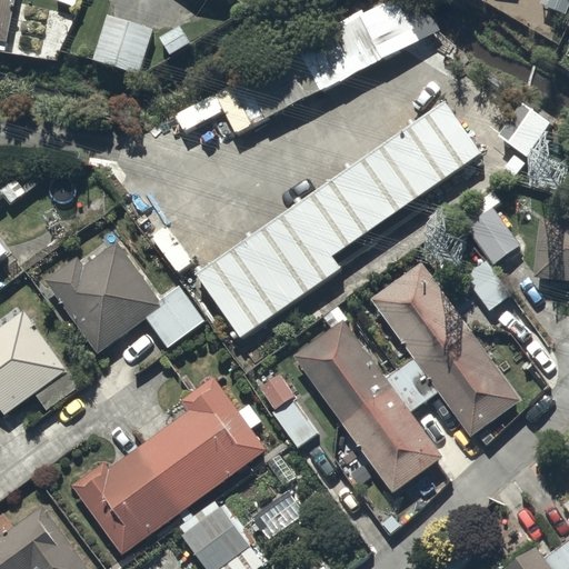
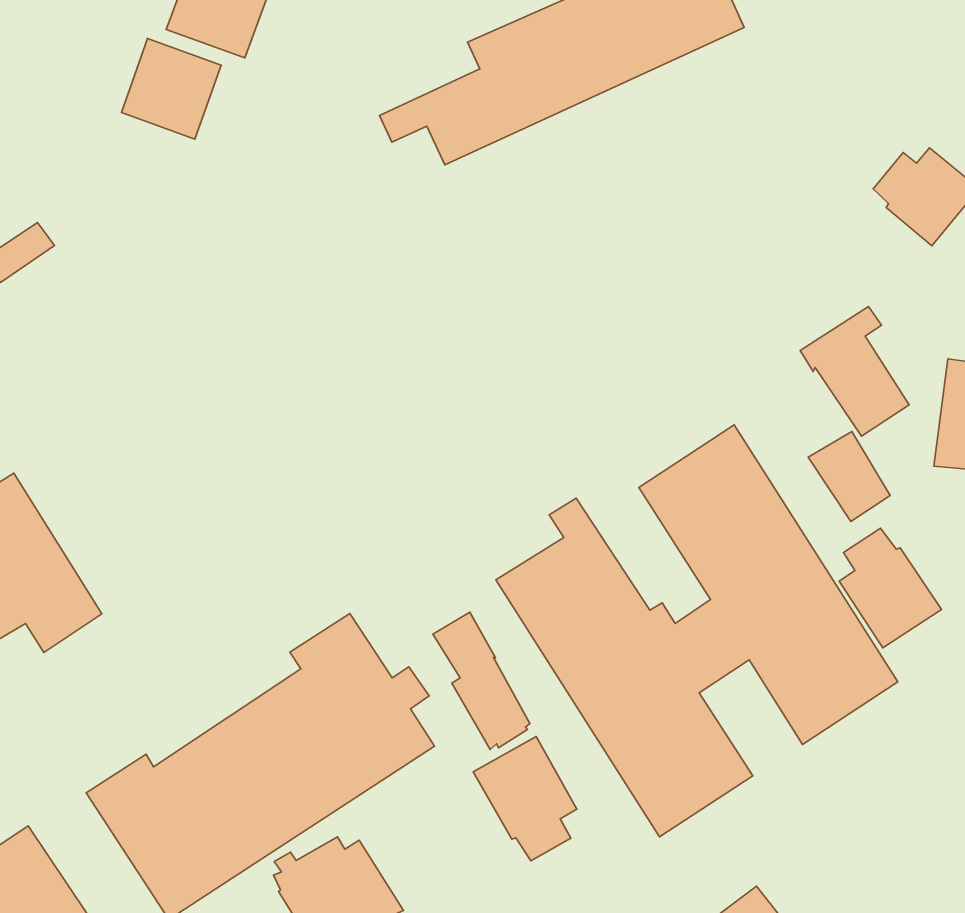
building: none -> [121,38,221,139]
building: [196,101,480,338] -> none
building: [44,242,203,356] -> none
building: none -> [839,528,941,648]
building: none -> [473,737,577,861]

